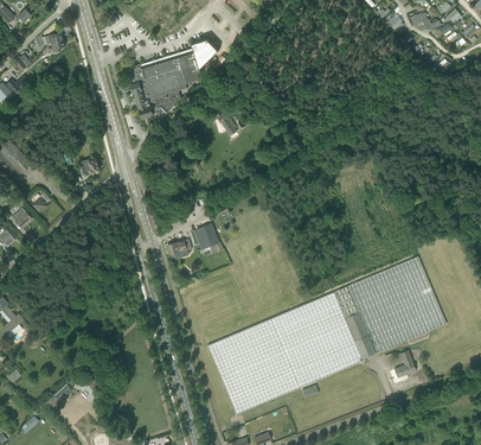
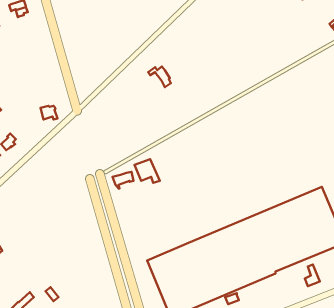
building: [127,39,217,123] -> none

